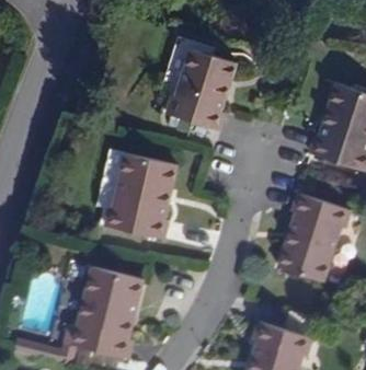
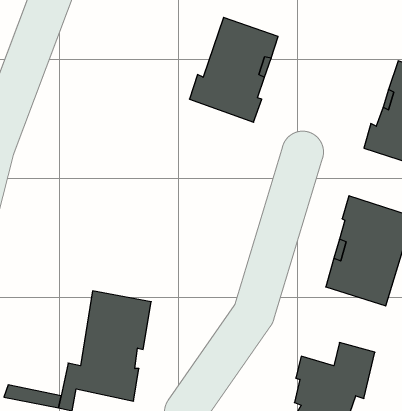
building: [106,154,180,241] -> none

